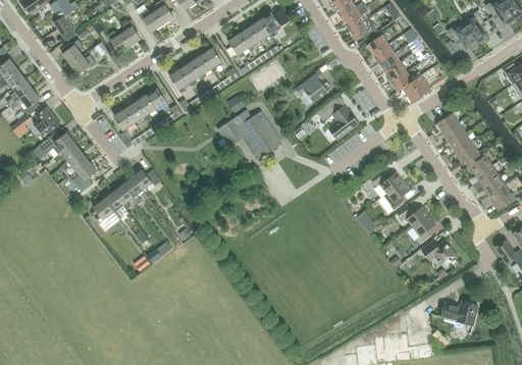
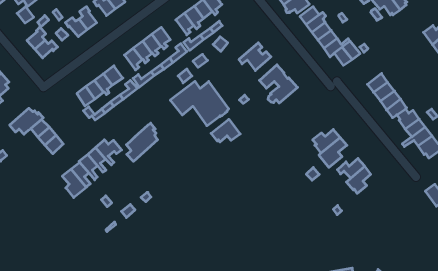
building: [33,107,59,137] -> none
building: none -> [126,123,158,161]
building: none -> [211,119,240,142]
building: [421,241,456,266] -> none
building: [440,301,476,324] -> none

